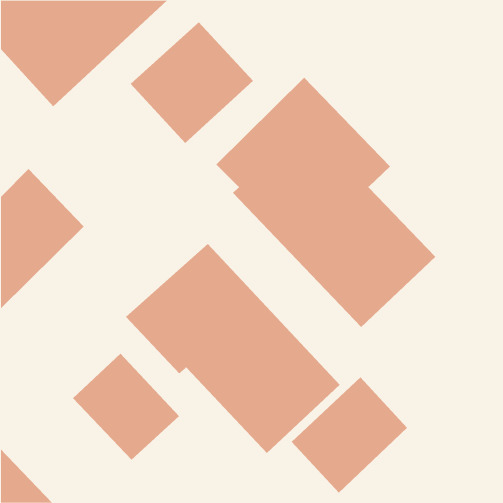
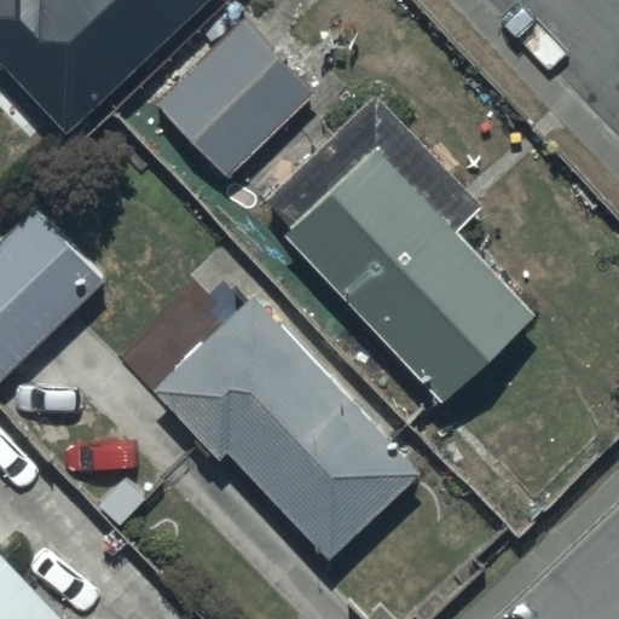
building: [72,353,180,461] -> none
building: [291,376,408,493] -> none

